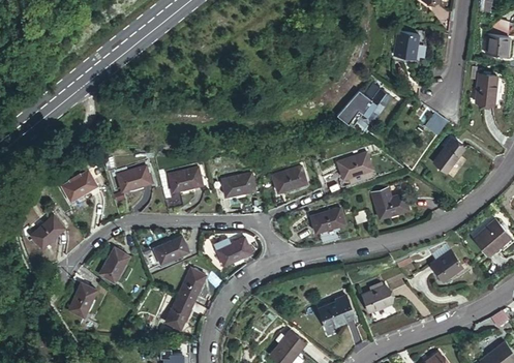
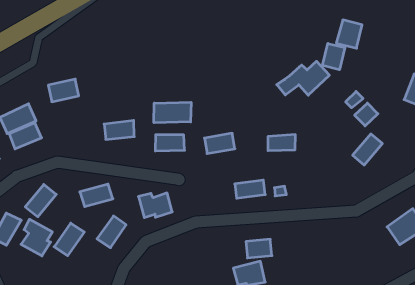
building: none -> [322,43,345,70]
building: none -> [154,102,191,123]
building: [118,167,151,193] -> [48,79,79,102]
building: [370,188,407,218] -> none
building: [434,250,465,280] -> none
building: [364,285,393,308] -> [246,239,272,258]
building: none -> [21,219,52,256]
building: [164,296,193,330] -> [54,223,84,256]

